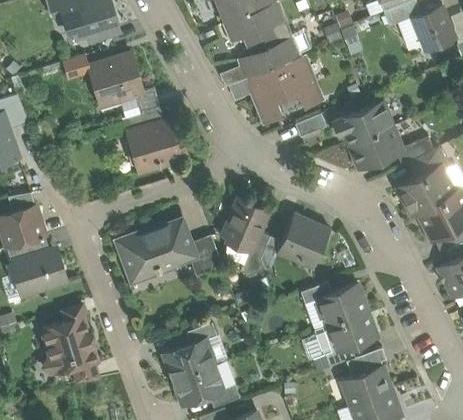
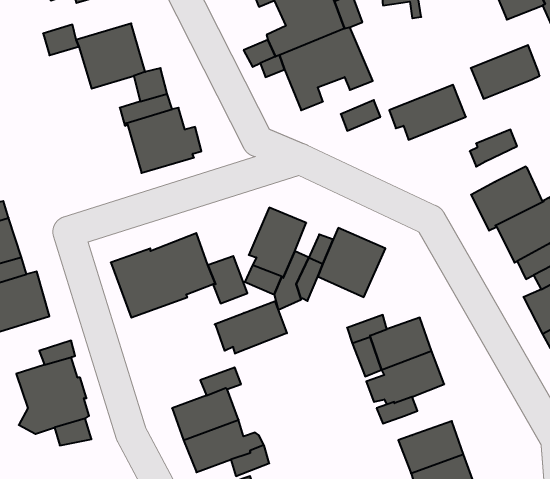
building: [348,126,402,168] -> [471,45,540,99]
building: [408,147,445,177] -> none
building: none -> [215,301,287,354]
building: [345,346,386,375] -> none

